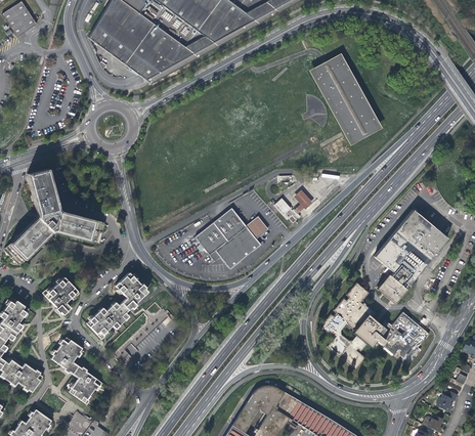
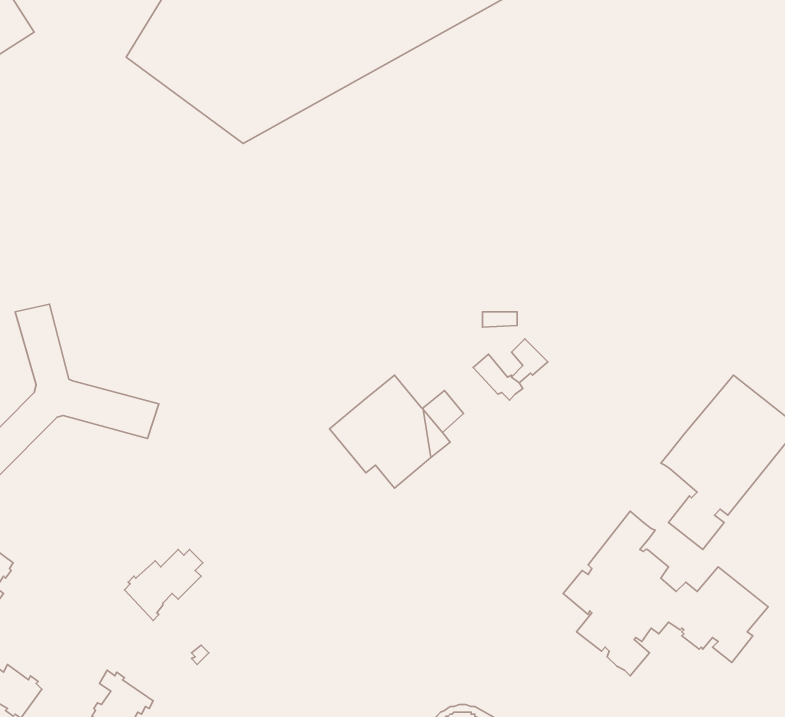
building: [310,52,384,144] -> none
building: [116,271,147,308] -> none
building: [43,276,80,314] -> none
building: [51,337,82,373] -> none

